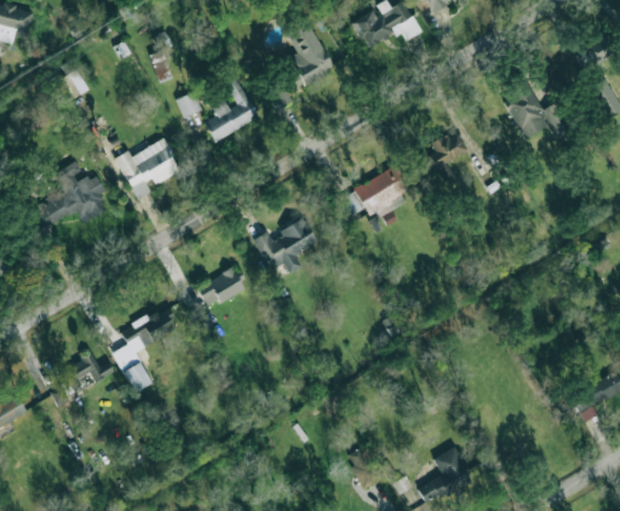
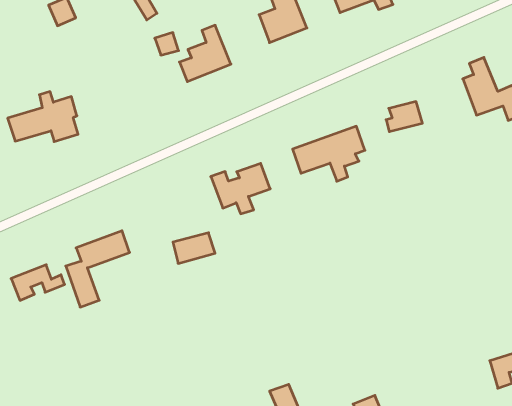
building: [114,139,179,200] -> none
building: [197,270,243,306] -> [173,233,215,263]

